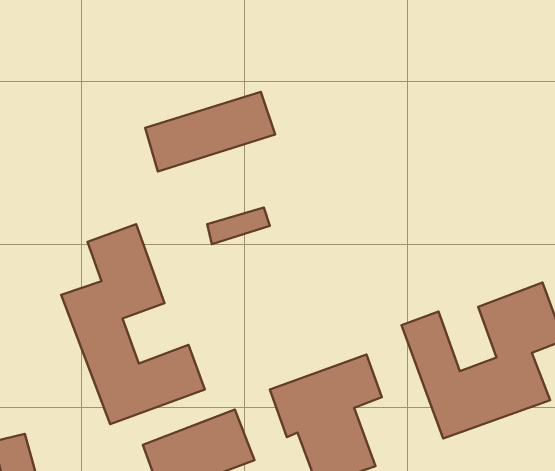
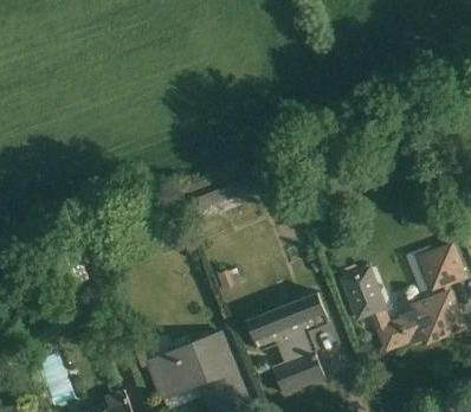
building: [145,92,275,171] -> none
building: [61,224,205,424] -> none

